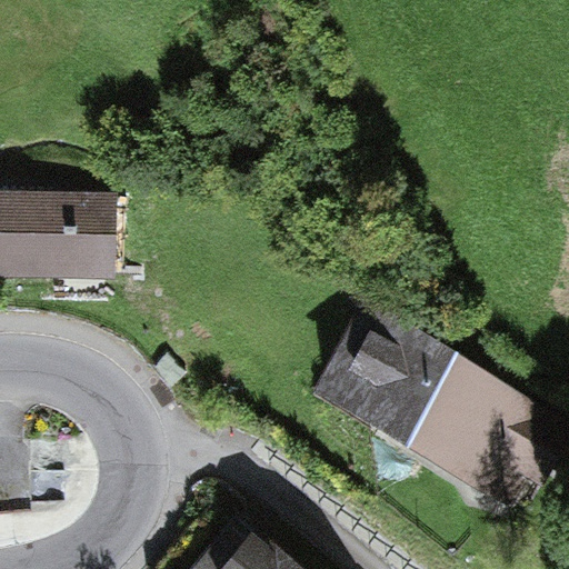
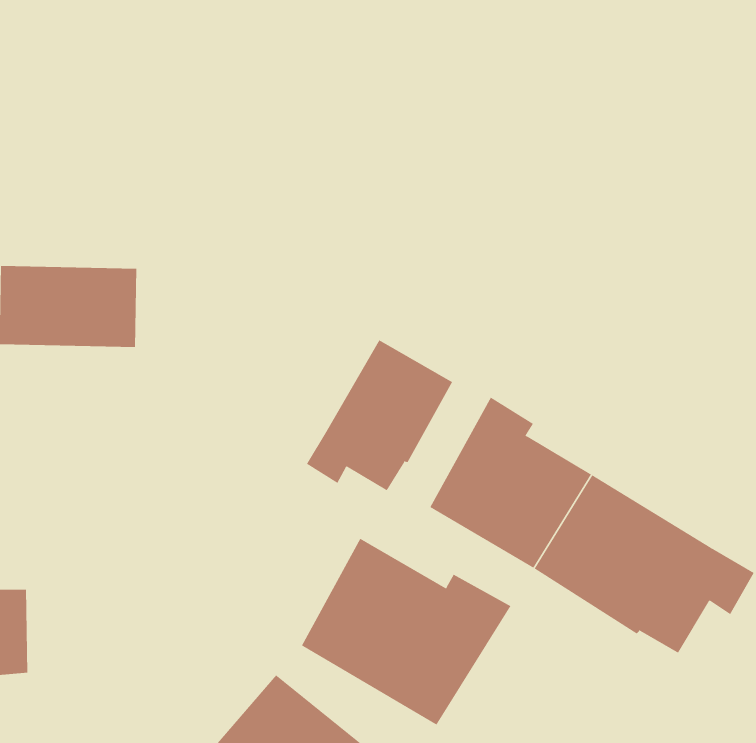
building: none -> [306,339,453,491]
building: none -> [301,538,511,725]

